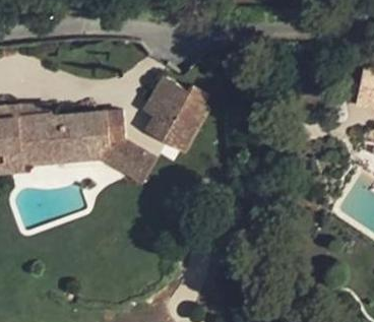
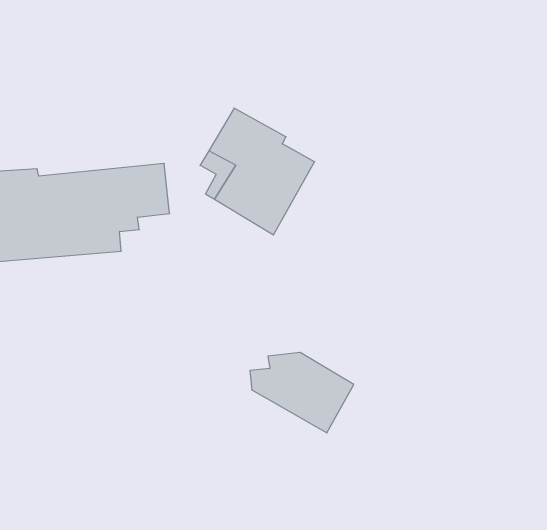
building: [100,138,159,184] -> [250,352,354,433]

